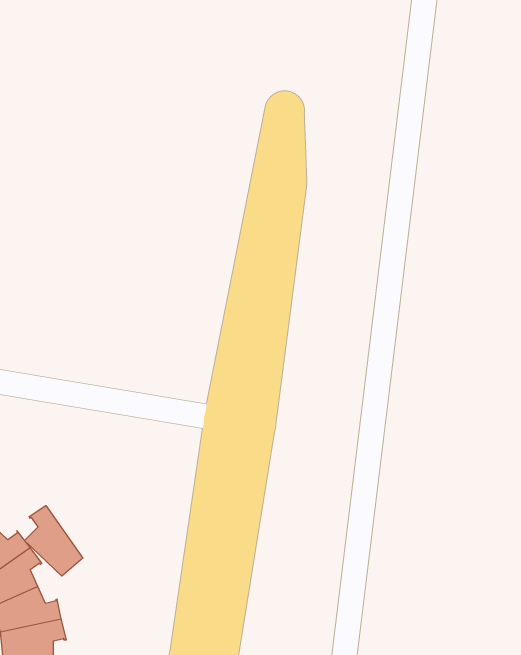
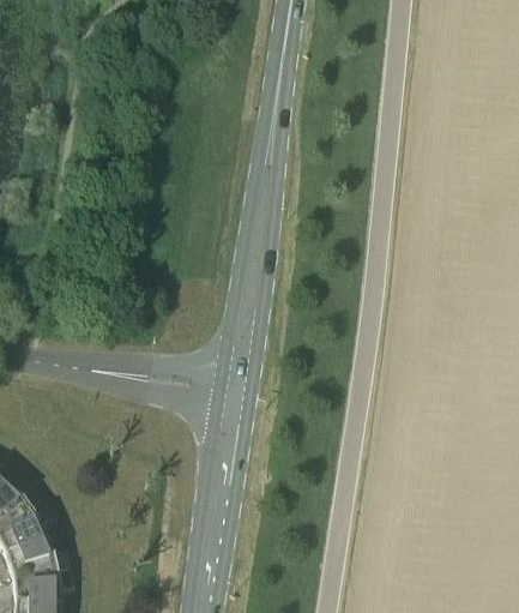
building: [24,506,83,576] -> none

